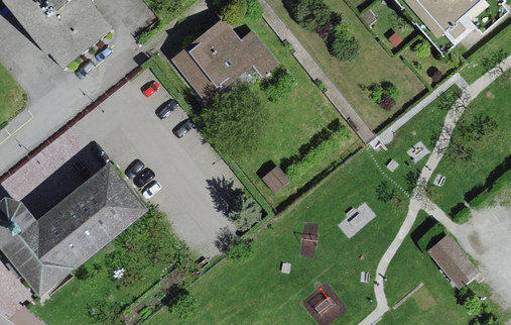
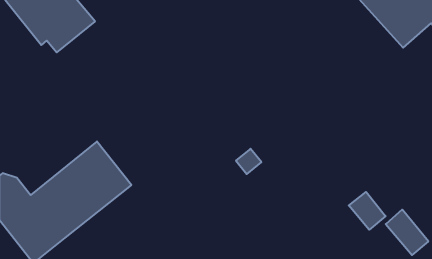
building: [173,21,284,109] -> none
building: none -> [349,192,386,230]

